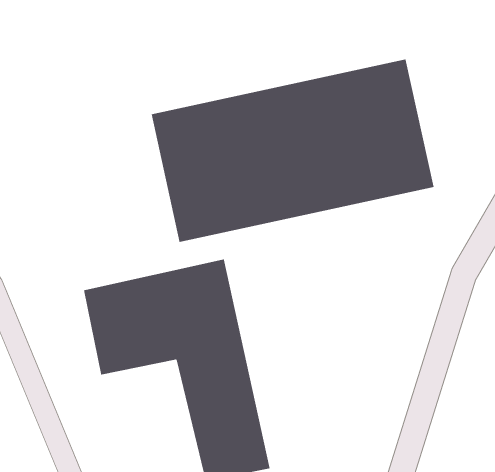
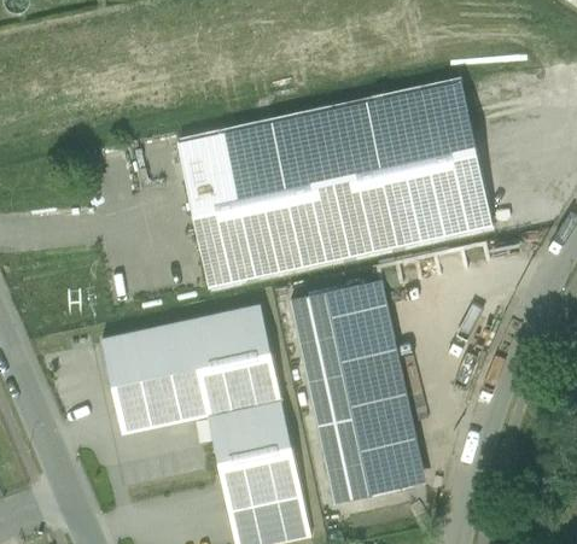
building: none -> [291,281,425,502]

